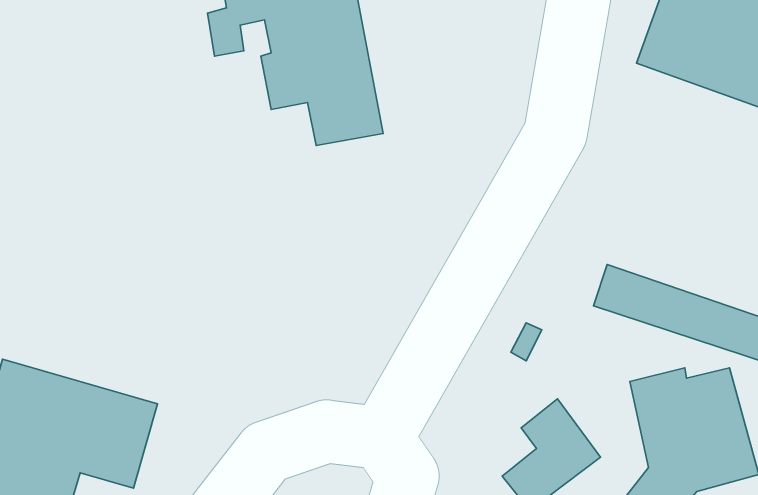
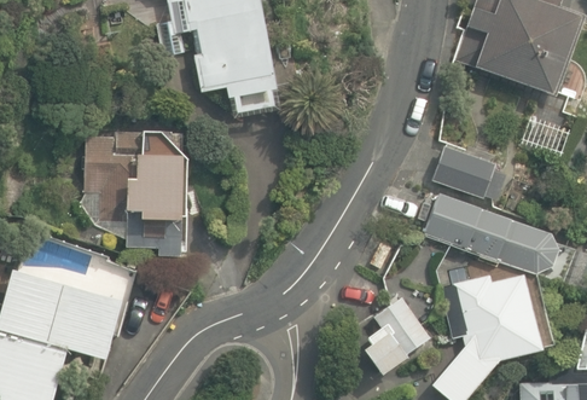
building: none -> [85,131,184,255]
building: none -> [434,145,506,198]

